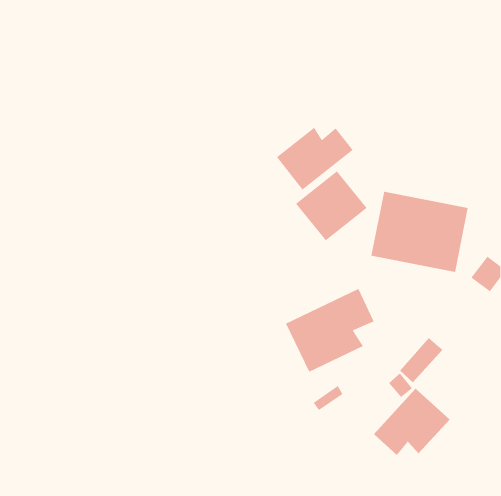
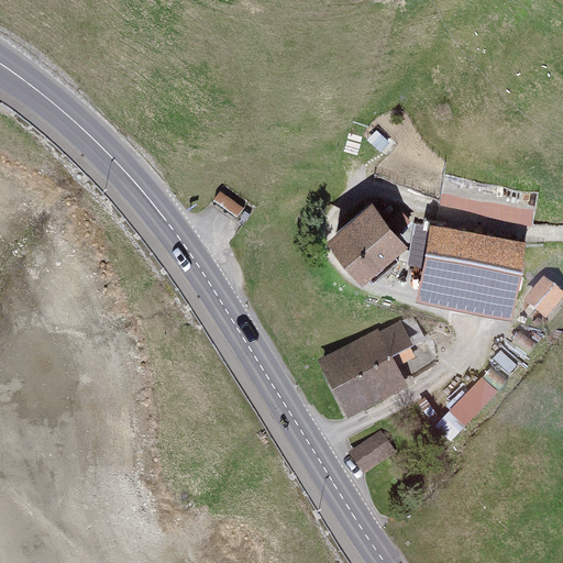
building: [276,127,354,190] -> none
building: [373,388,450,456] -> none

